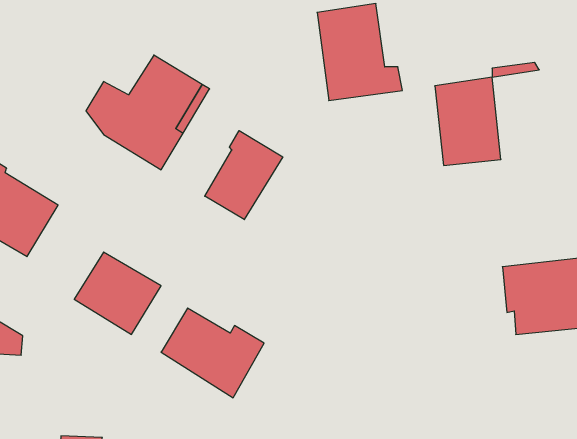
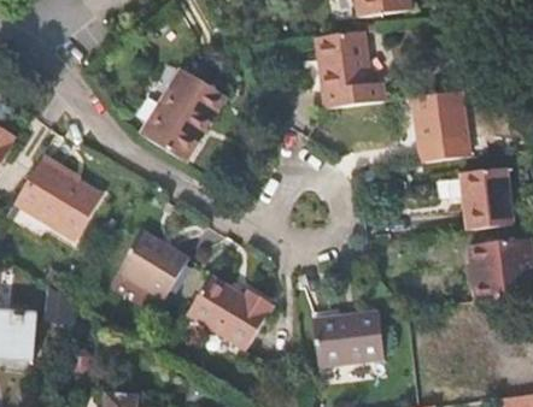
building: [205,131,283,220] -> none
building: none -> [458,167,511,229]
building: none -> [312,311,385,366]

